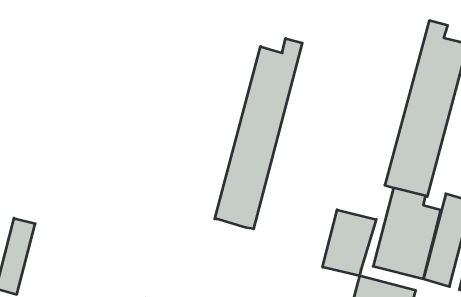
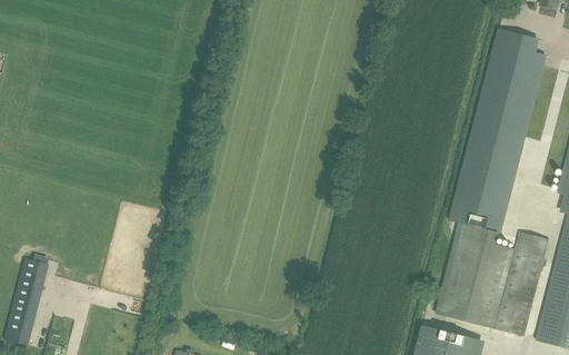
building: [215,38,302,229] -> none
building: [323,210,376,276] -> none

